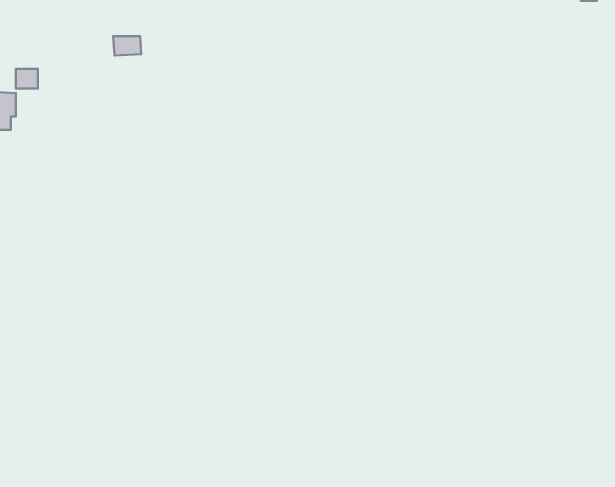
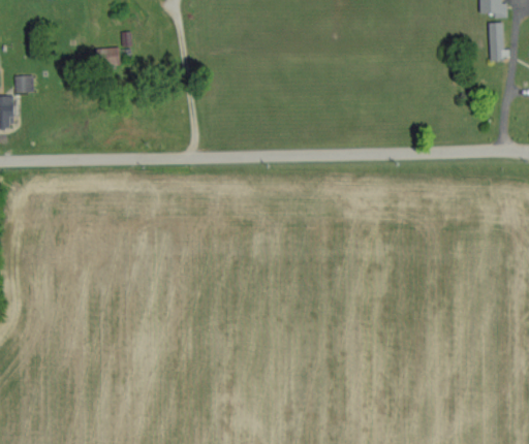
building: none -> [488,23,505,60]

